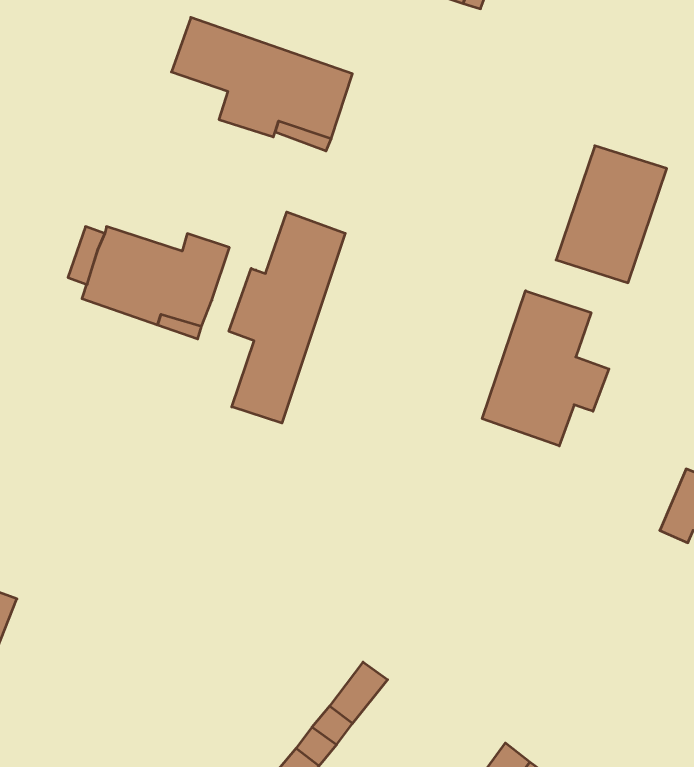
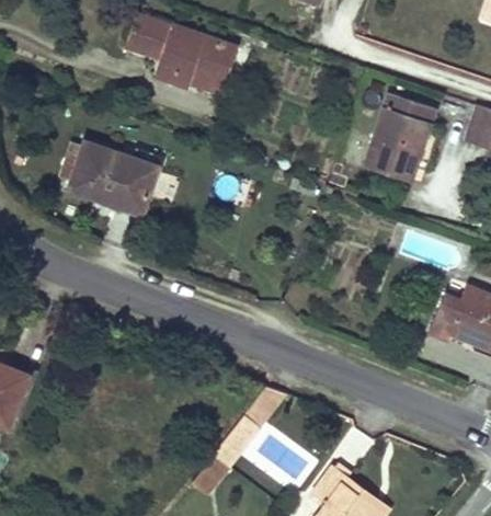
building: [229,212,345,423] -> none
building: [482,291,609,446] -> none

